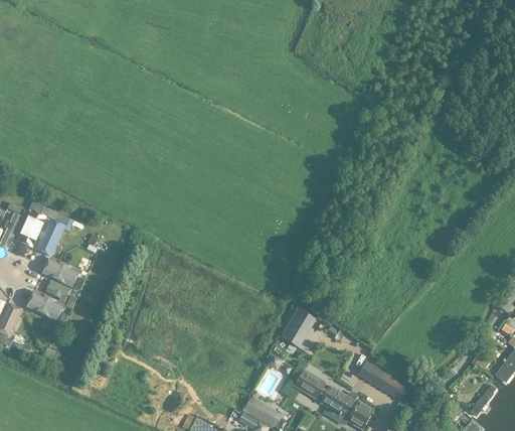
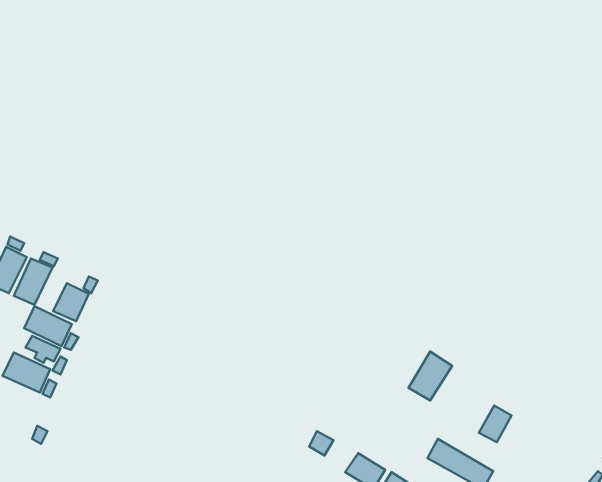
building: none -> [53,283,89,321]
building: [281,308,315,346] -> [408,352,452,401]
building: none -> [479,406,511,442]

